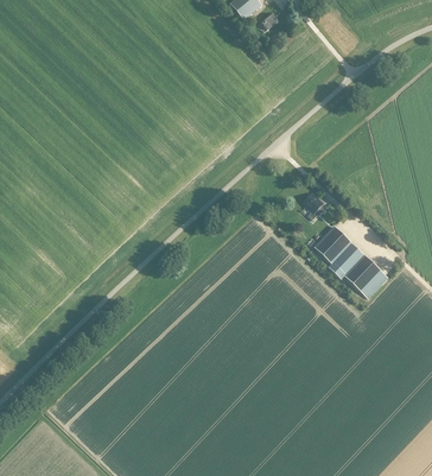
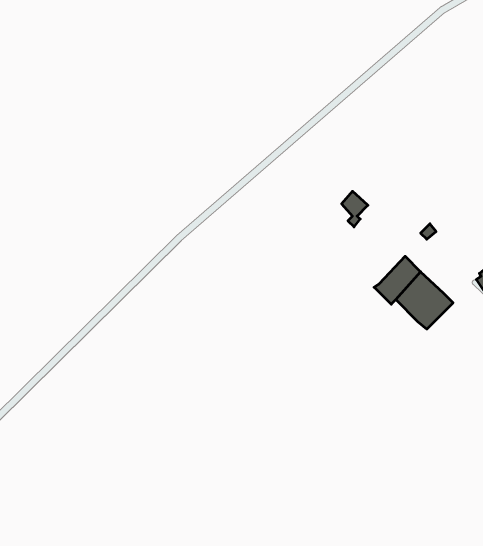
building: [313,224,351,262] -> none

